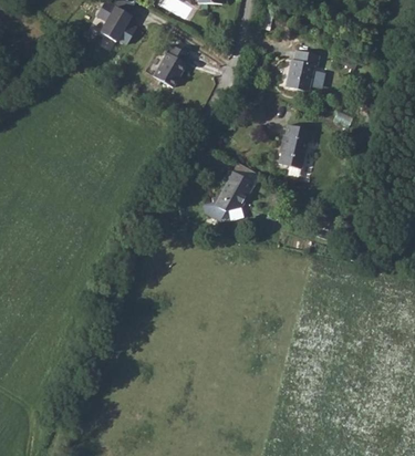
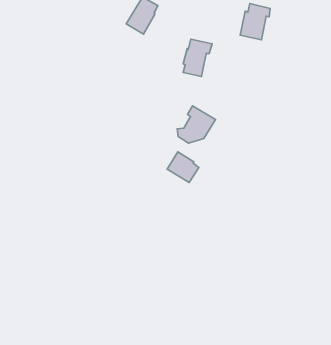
building: [279,127,312,170] -> [183,39,212,76]
building: none -> [167,152,199,182]

